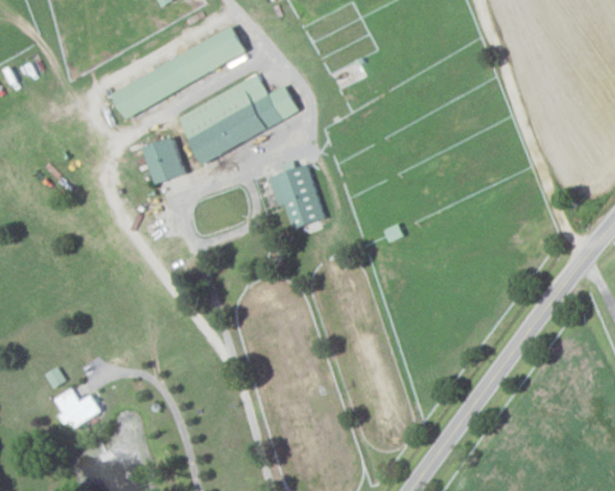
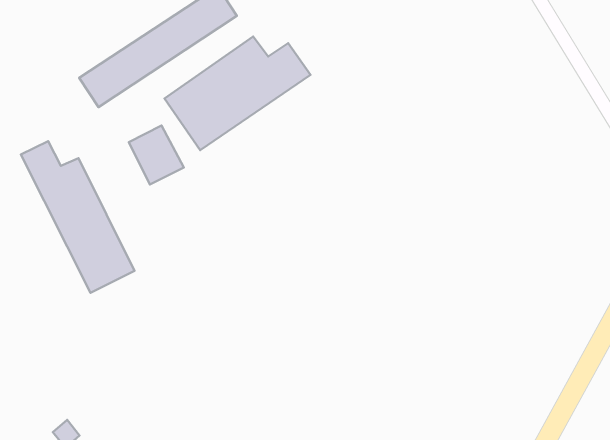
building: none -> [21,141,134,293]
building: [268,164,324,229] -> none

